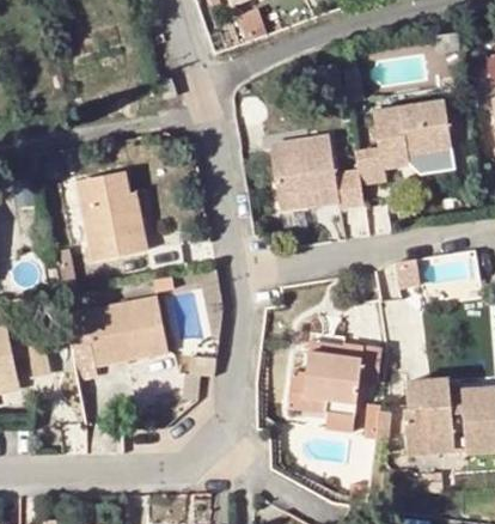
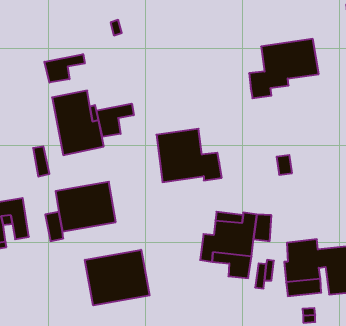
building: none -> [44,54,85,83]
building: [271,135,362,209] -> [156,129,222,182]
building: none -> [96,104,134,137]
building: none -> [85,250,150,305]

